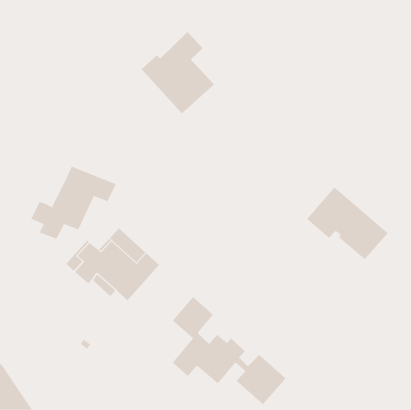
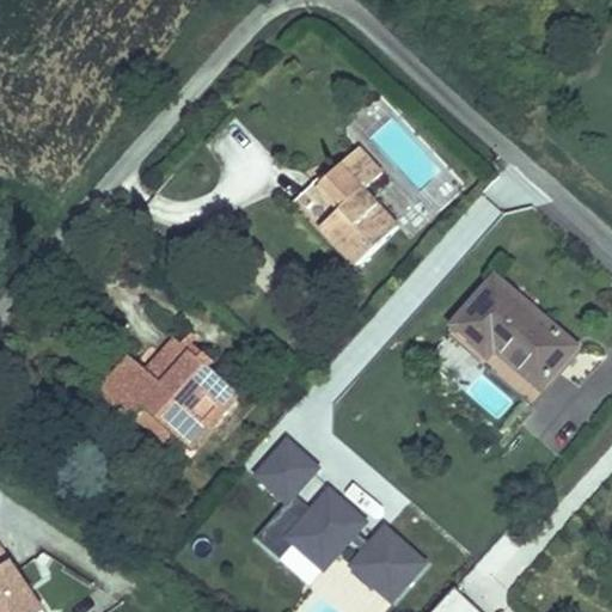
building: [141,31,215,114] -> [288,146,398,269]
building: [31,166,116,239] -> none

